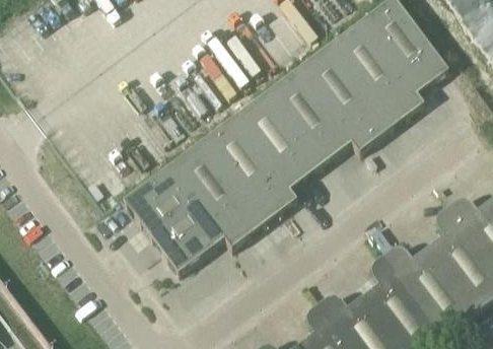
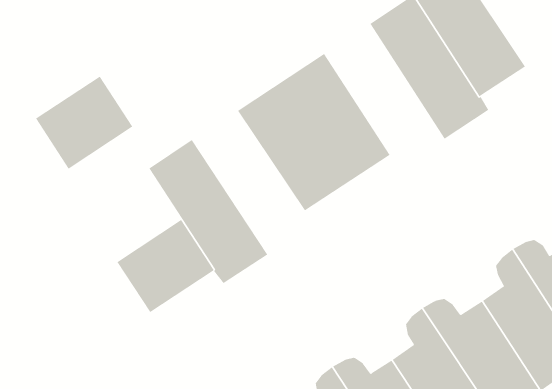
building: [297,43,392,150] -> none
building: [202,115,297,221] -> none
building: [124,162,198,234] -> [35,76,133,169]

